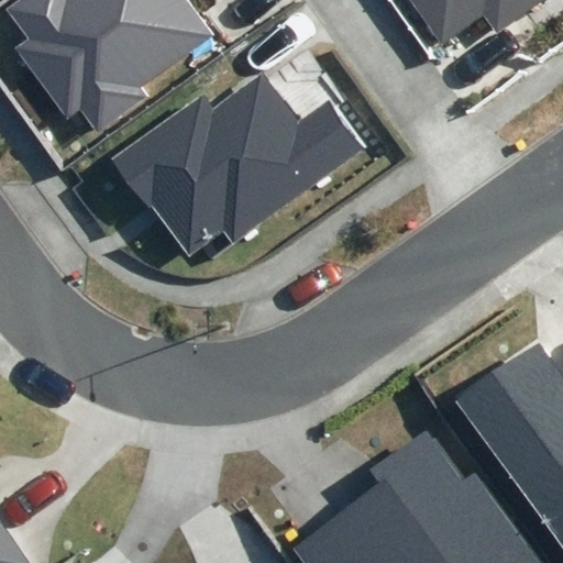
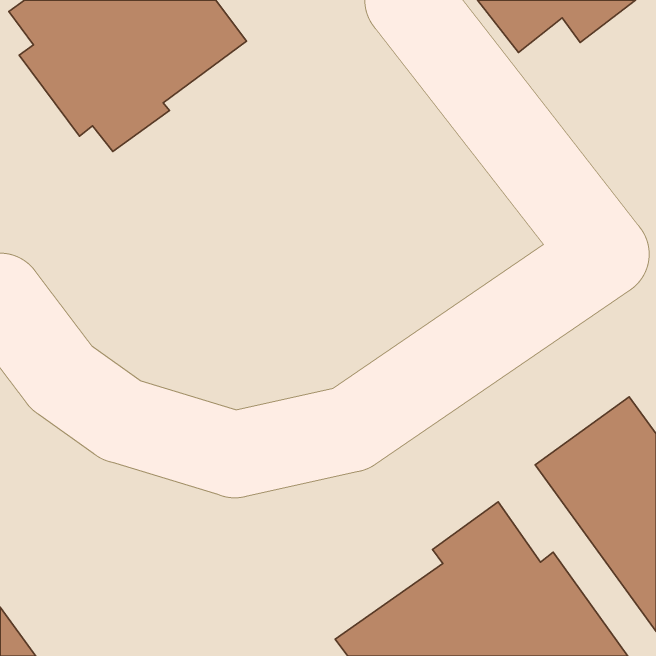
building: [114,70,363,257] -> none

